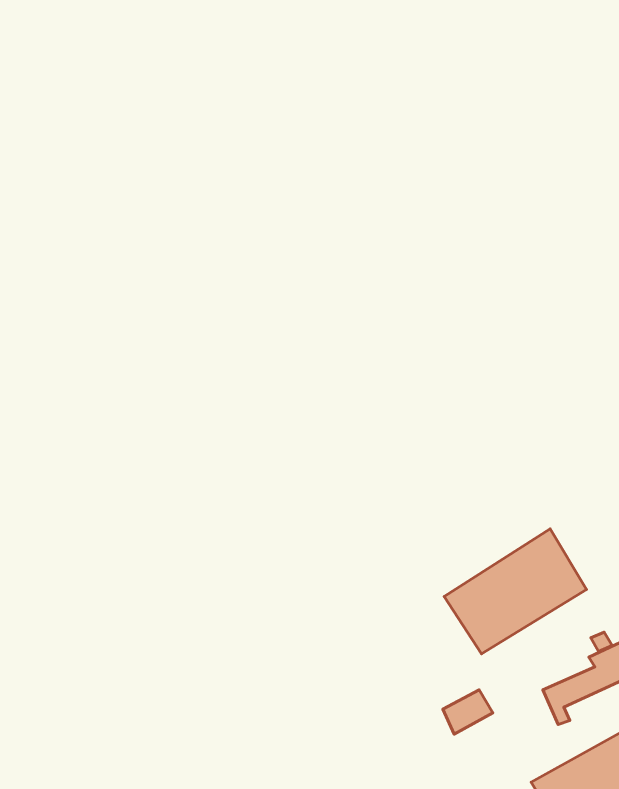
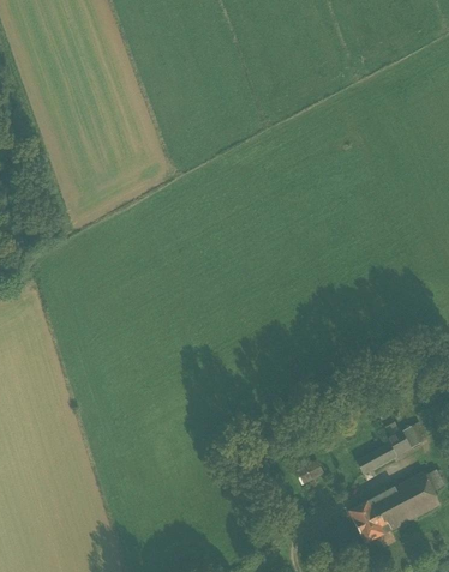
building: [444,529,586,654] -> none

